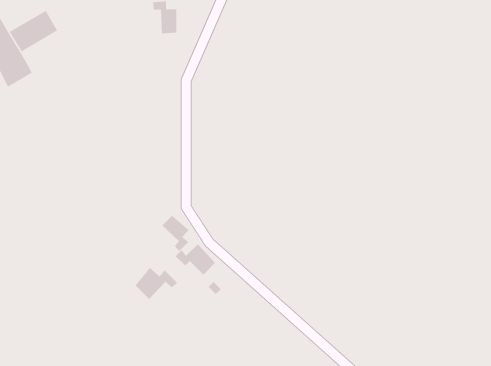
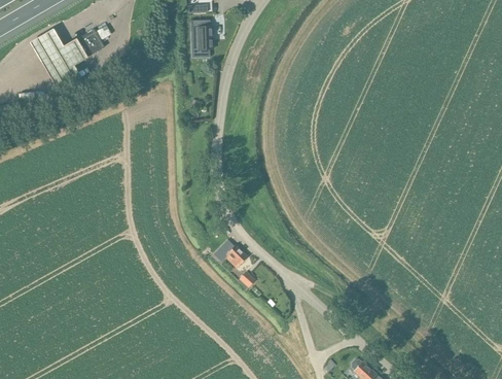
building: [162,215,189,252] -> none
building: [135,267,178,300] -> none

